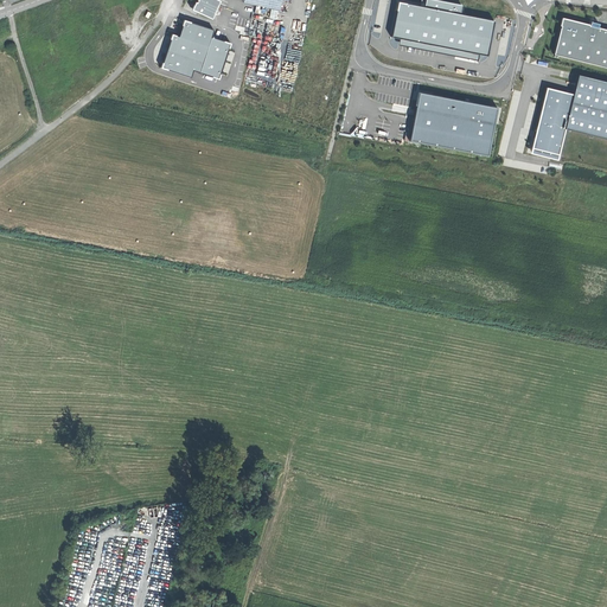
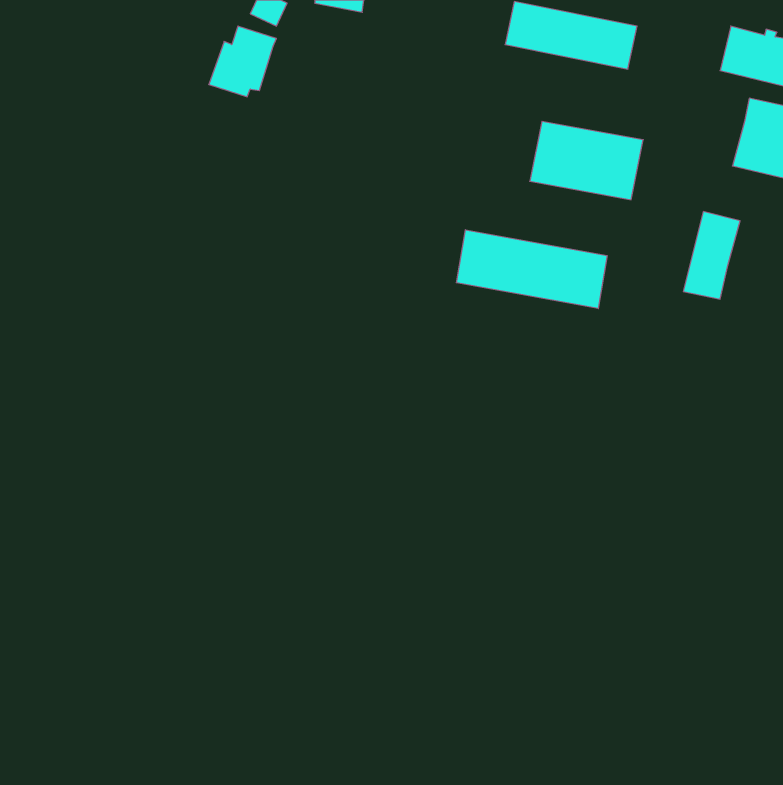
building: [202,36,231,76] -> none
building: [532,87,576,154] -> [683,212,740,299]
building: none -> [456,230,607,309]

